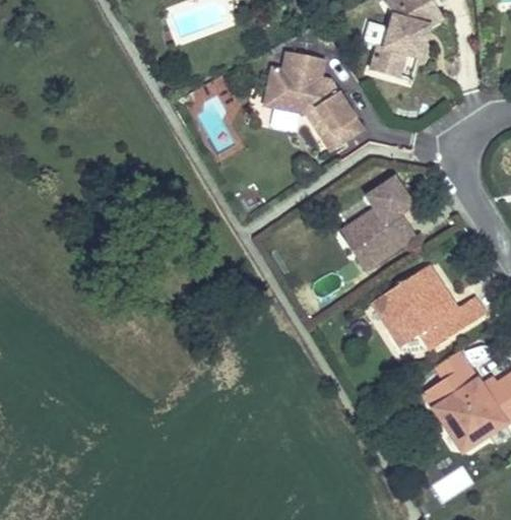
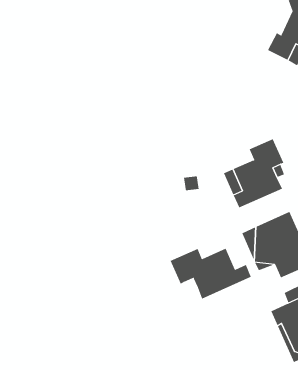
building: [269,53,367,152] -> none
building: none -> [170,248,252,299]

